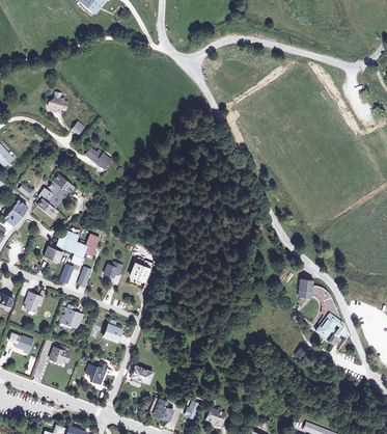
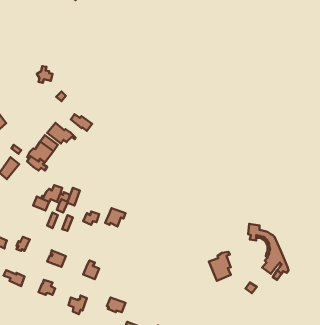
building: none -> [47,123,76,143]
building: none -> [209,252,231,281]

